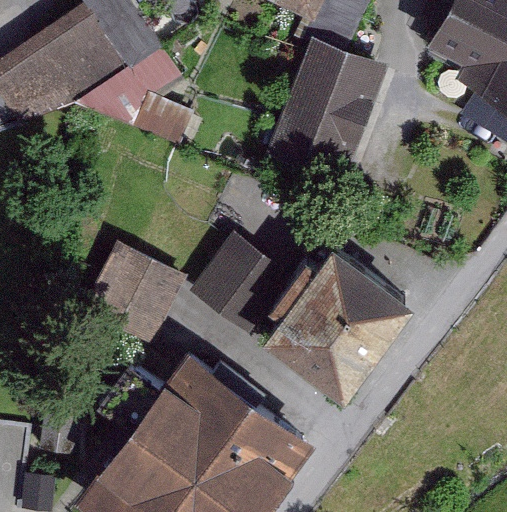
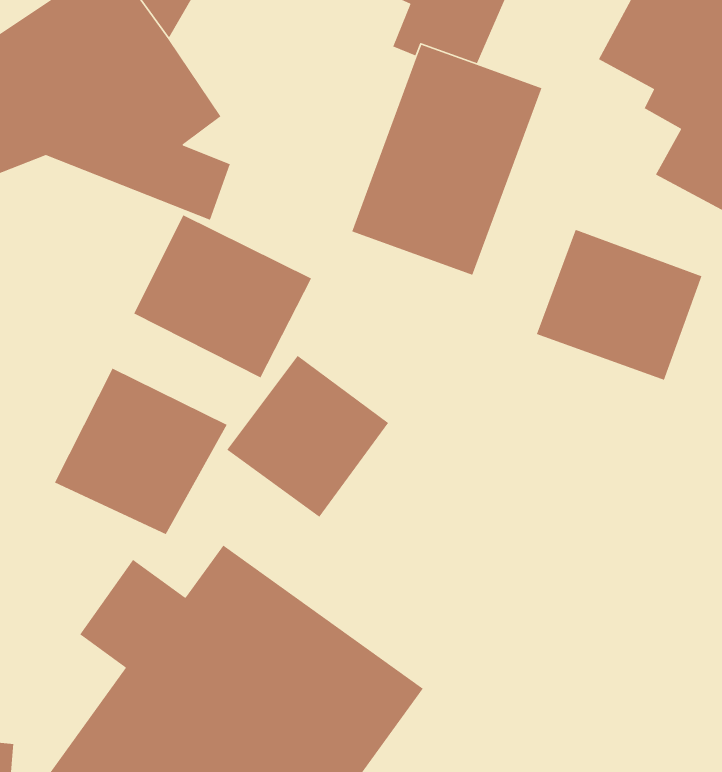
building: none -> [133,214,312,378]
building: none -> [536,229,703,381]
building: [262,245,416,404] -> none

